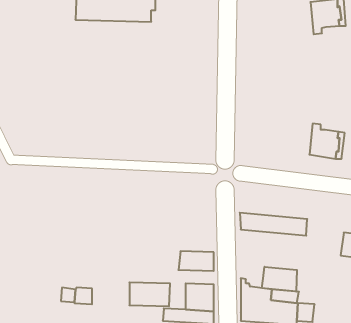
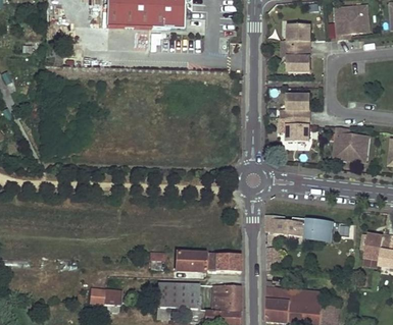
building: none -> [287,25,310,71]
building: none -> [287,94,310,141]
building: none -> [176,253,207,271]
building: [262,267,297,292] -> none

